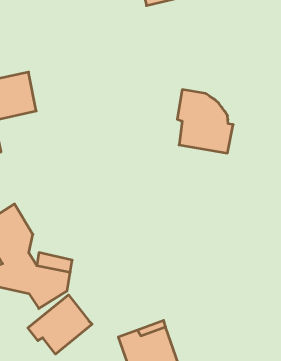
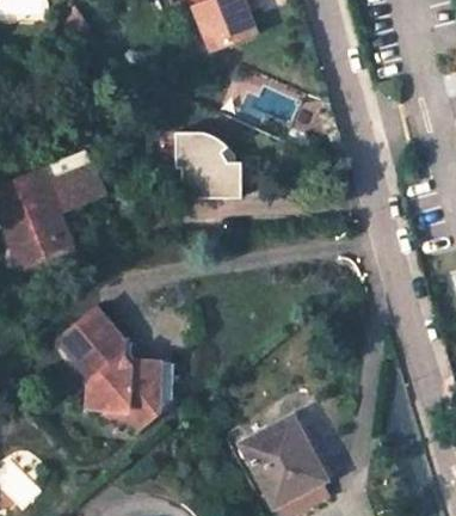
building: [177,90,233,153] -> [173,131,240,197]
building: [28,295,92,354] -> none

